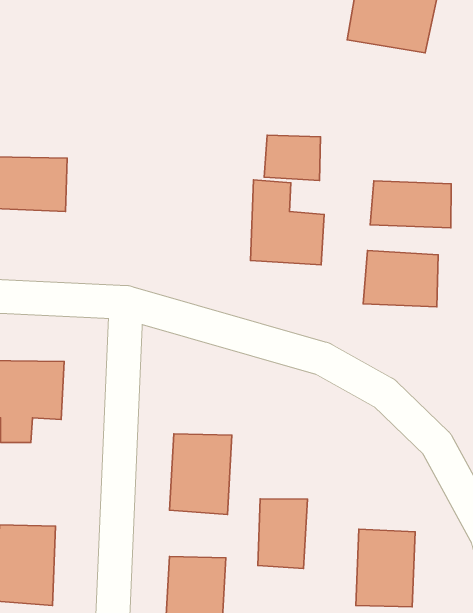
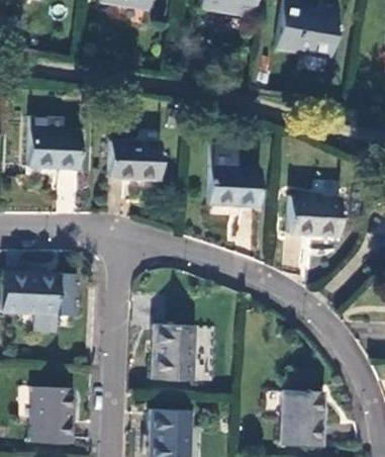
building: [264,135,320,180] -> none
building: none -> [109,141,162,180]
building: [370,181,451,228] -> none
building: [258,499,307,568] -> none

